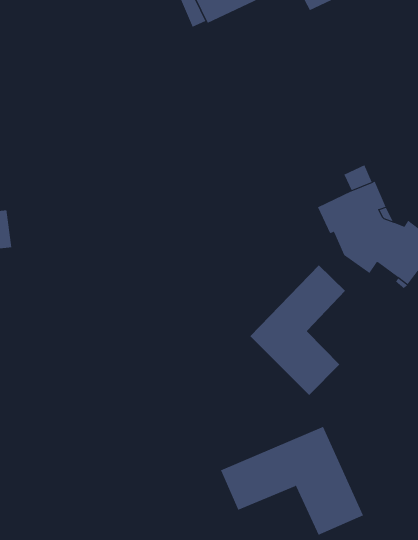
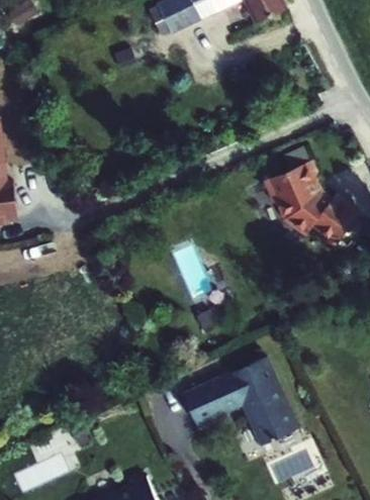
building: [250,264,346,396] -> none

